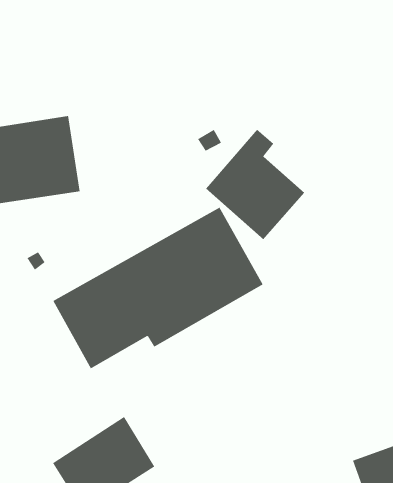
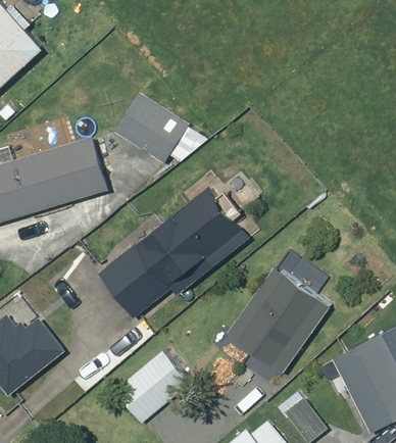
building: [205,129,305,240] -> [115,83,189,163]
building: none -> [226,268,329,374]

